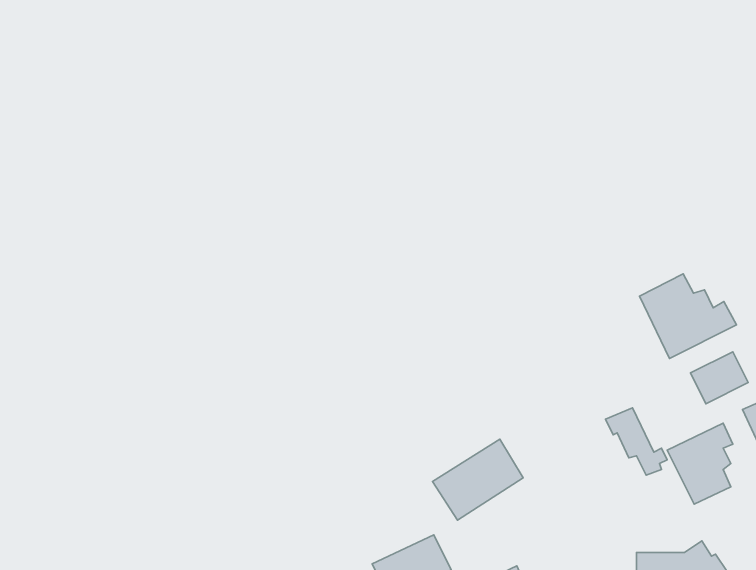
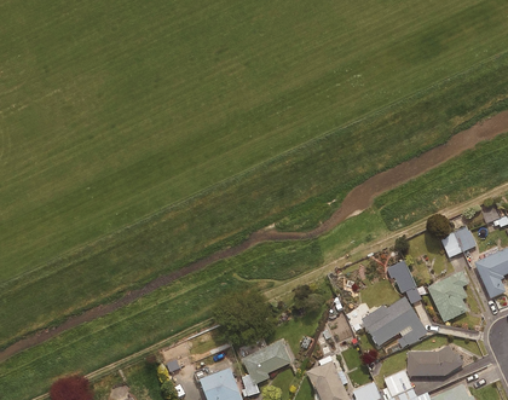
building: [639,274,737,358] -> none
building: [432,439,523,520] -> [363,296,420,347]

